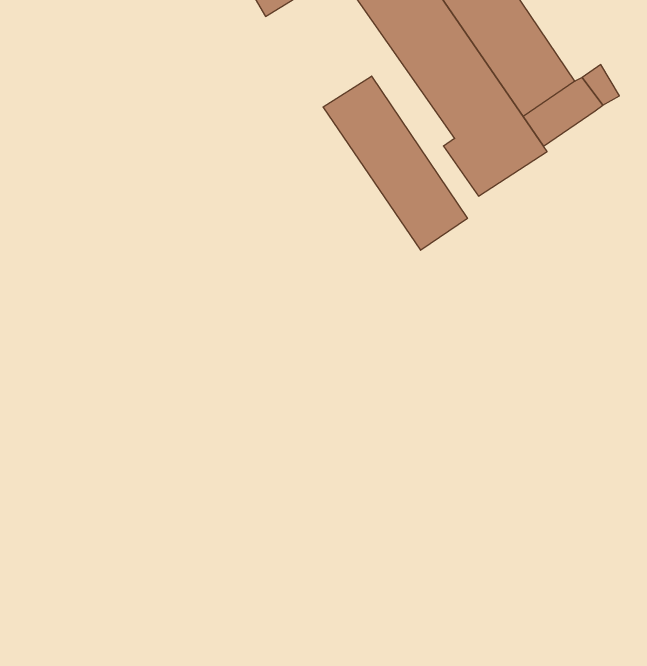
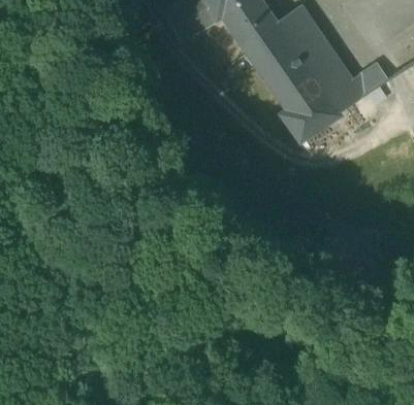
building: [323,76,467,250] -> none

